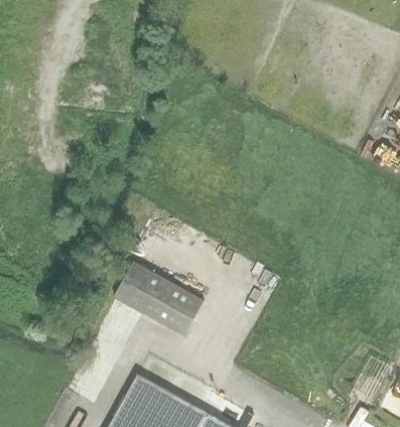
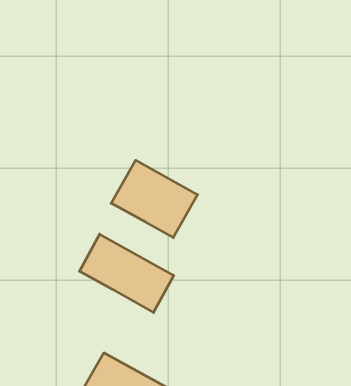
building: none -> [111,160,198,238]

